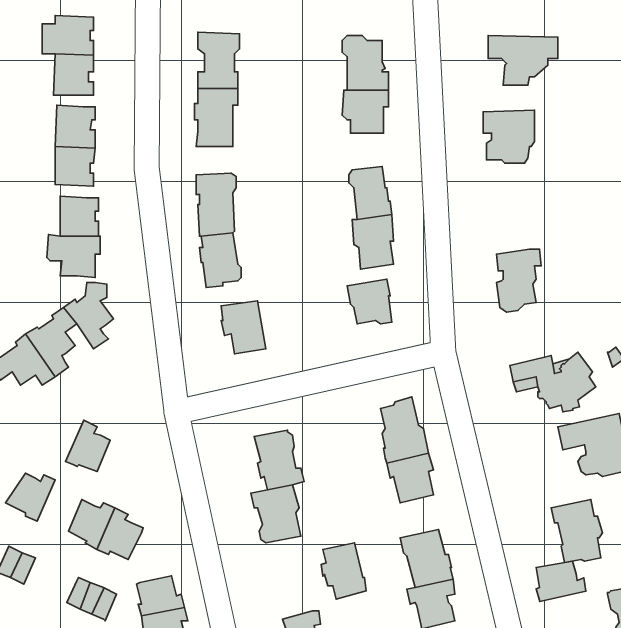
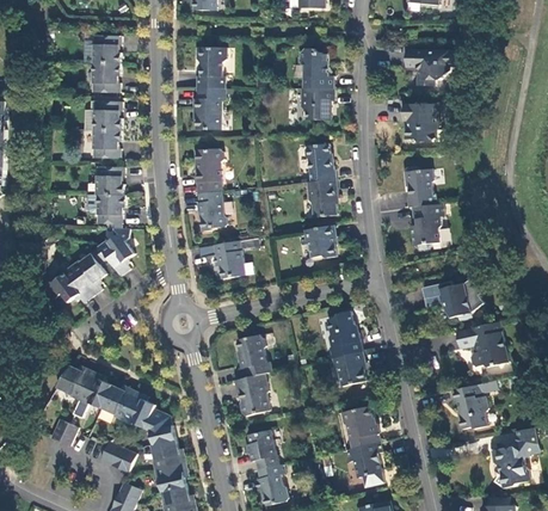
building: none -> [402,166,435,208]
building: [66,420,110,472] -> [80,370,112,407]
building: none -> [146,408,177,444]
building: [321,543,366,599] -> [246,430,278,470]
building: [536,561,586,601] -> none

